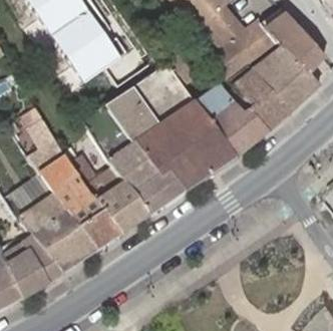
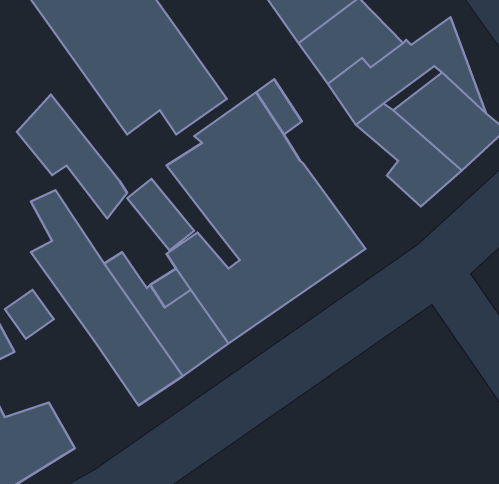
building: none -> [17,95,127,219]
building: [193,82,267,155] -> none
building: [19,210,93,278] -> none

